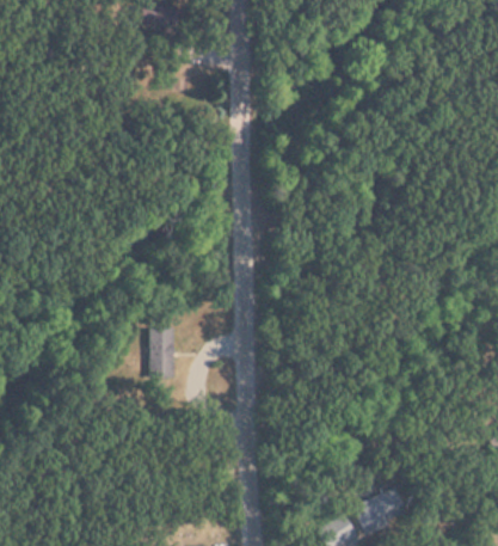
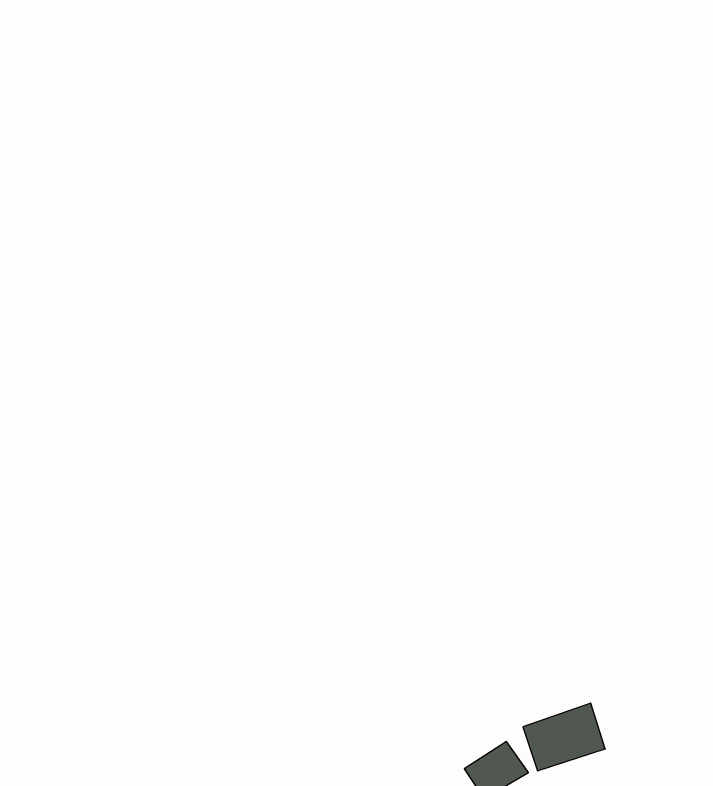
building: [148,327,173,376] -> none

